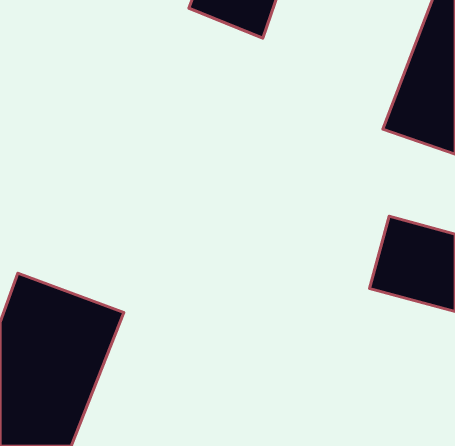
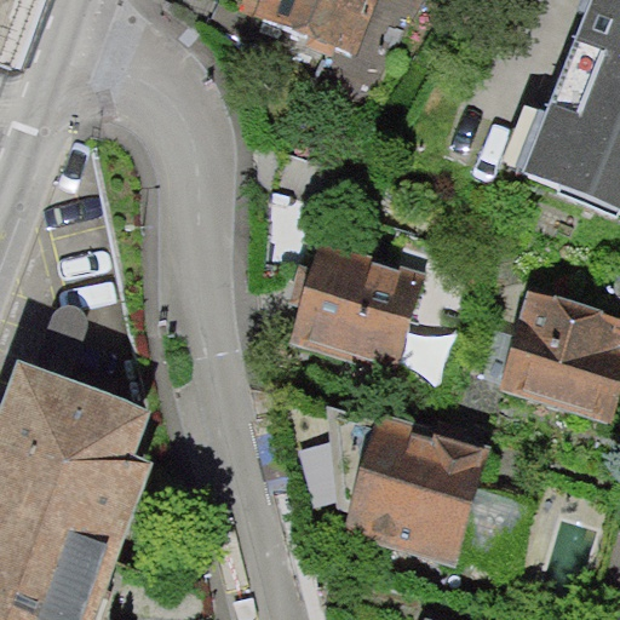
building: none -> [292,235,432,368]
building: none -> [344,413,493,568]

